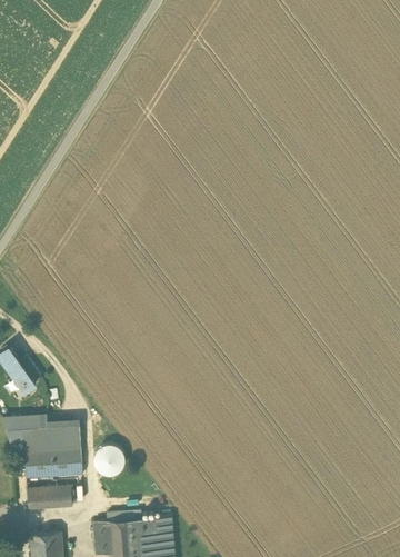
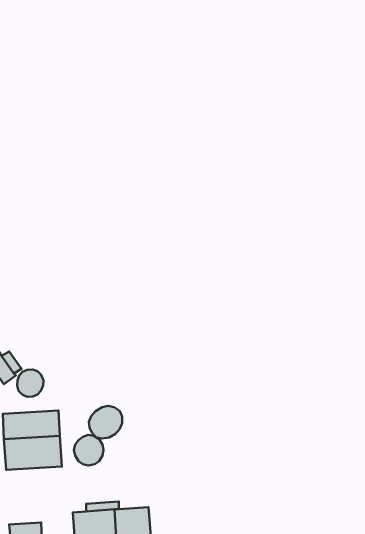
building: none -> [17,370,44,397]
building: none -> [89,406,122,438]
building: [27,487,72,509] -> none

